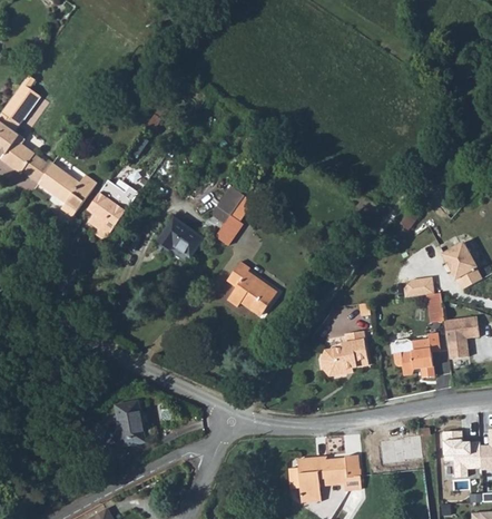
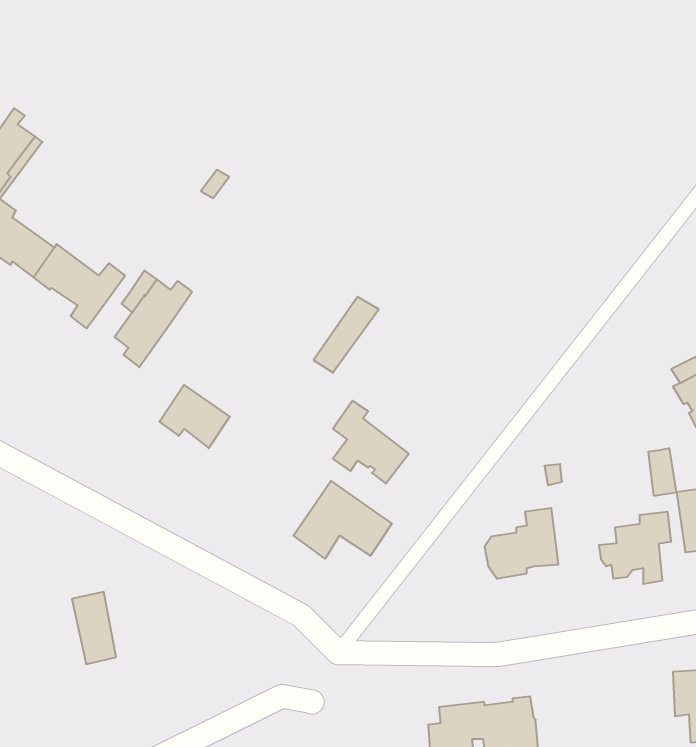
building: [203,188,243,237] -> none
building: [158,218,203,258] -> [159,385,230,448]
building: [403,277,434,300] -> none
building: none -> [293,481,392,559]
building: [121,399,149,444] -> [72,592,116,664]

